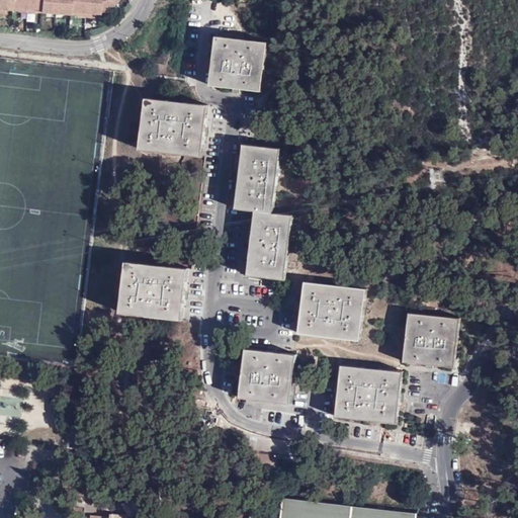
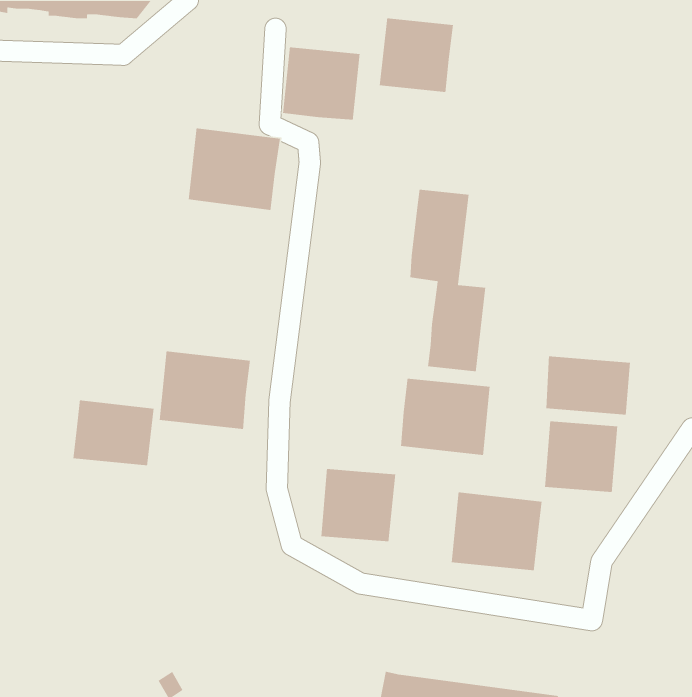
building: none -> [379,18,454,93]
building: [235,145,291,280] -> [409,189,486,372]
building: none -> [545,355,631,415]
building: none -> [72,400,154,466]

